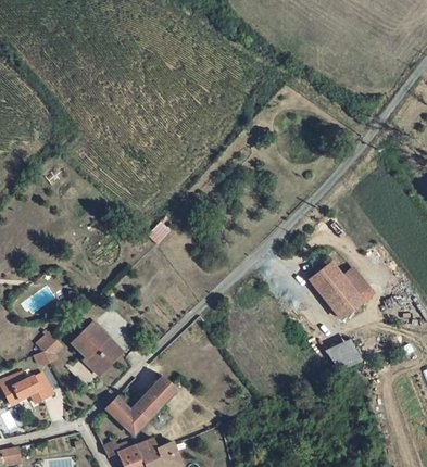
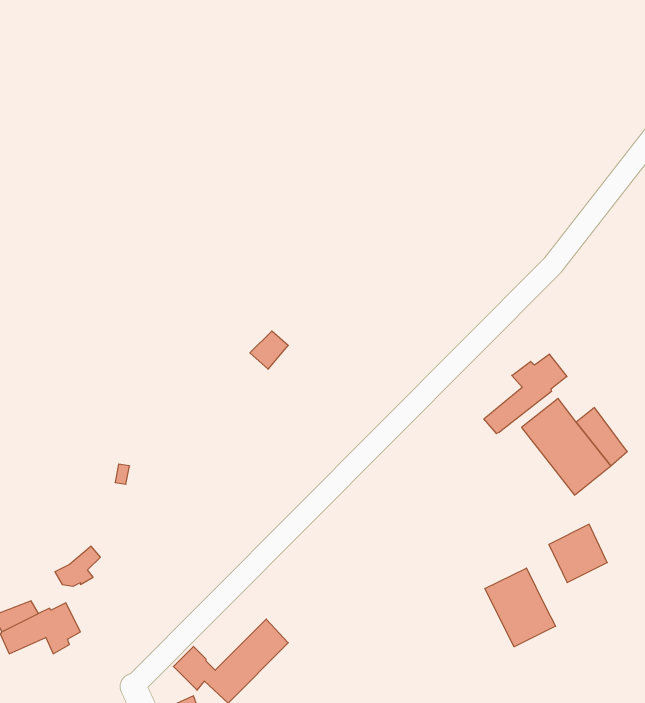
building: none -> [484,354,567,434]
building: [77,324,120,371] -> none
building: none -> [485,568,556,647]

